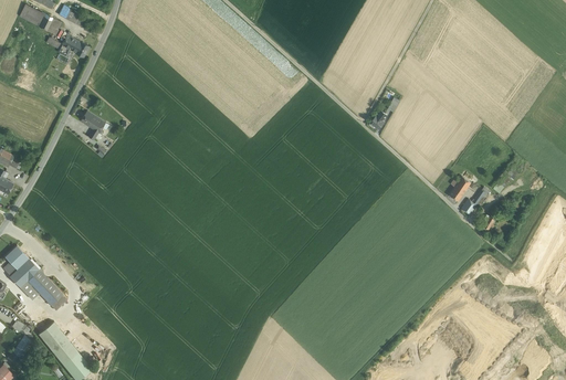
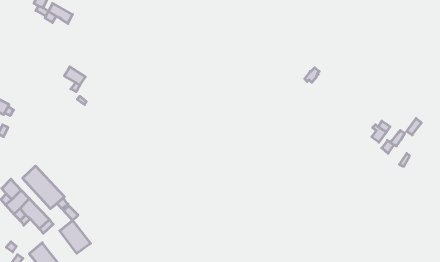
building: none -> [23,166,64,209]
building: none -> [60,221,91,253]

